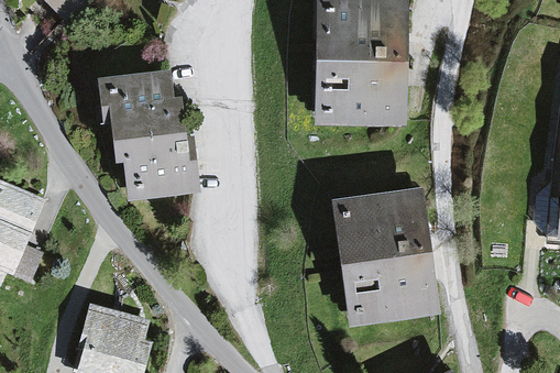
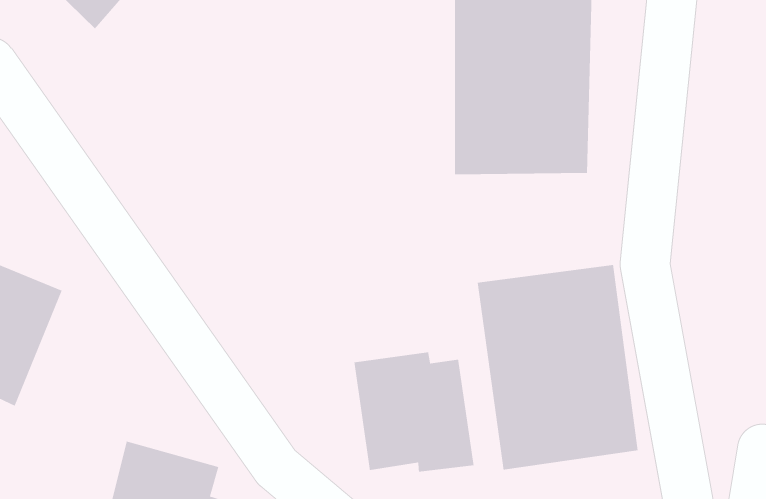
building: [106,78,209,206] -> none
building: none -> [354,352,474,472]

